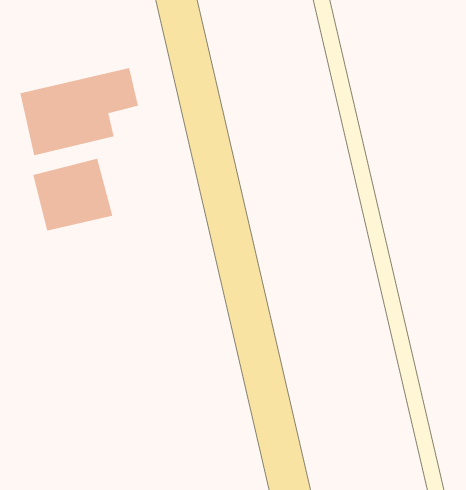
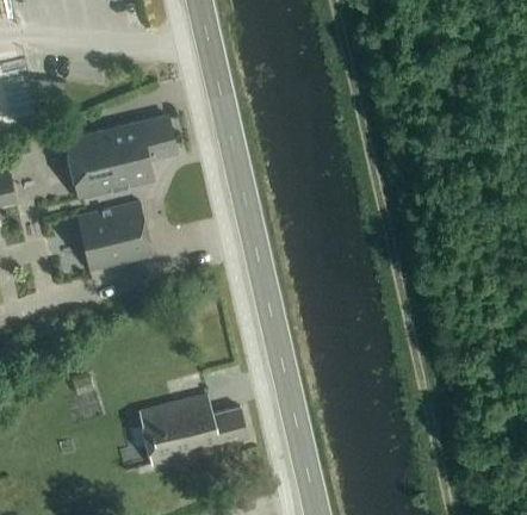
building: none -> [138,393,244,463]

